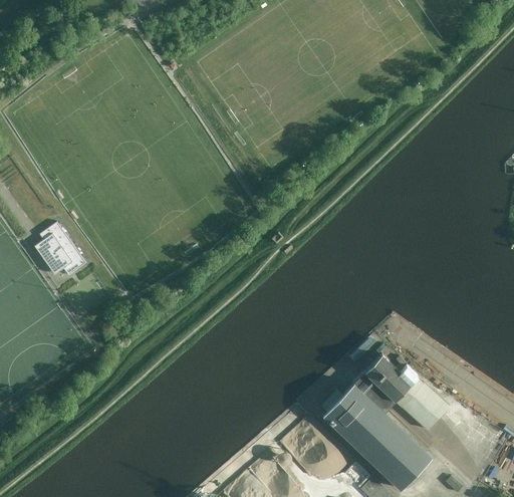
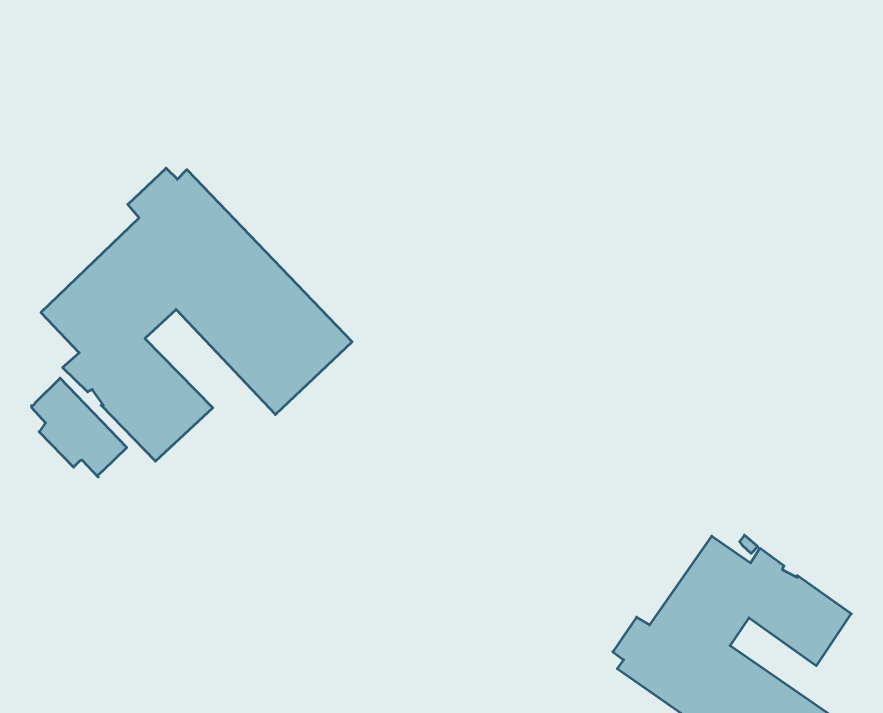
building: none -> [41,168,352,461]

